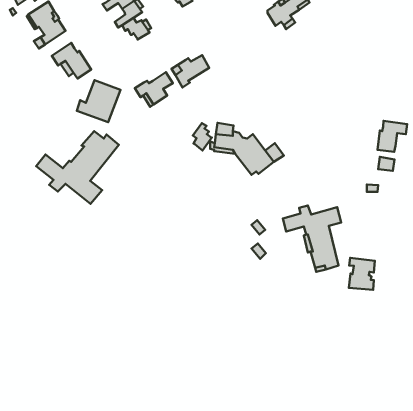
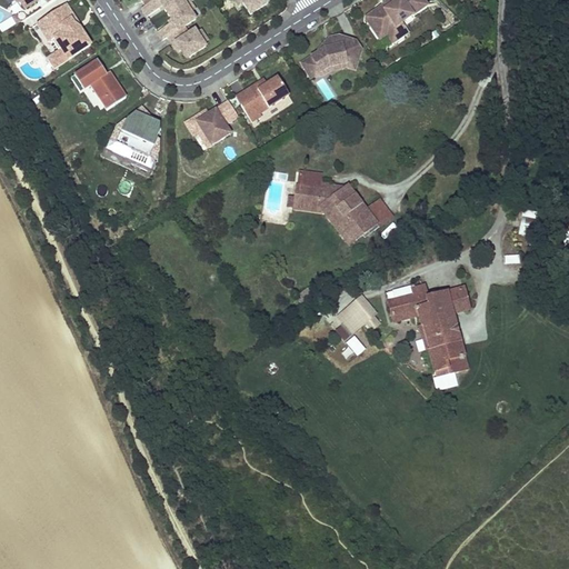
building: none -> [301,36,360,76]
building: [378,121,407,152] -> none
building: [193,123,212,151] -> none
building: [36,131,119,204] -> none
building: [349,258,375,290] -> none

